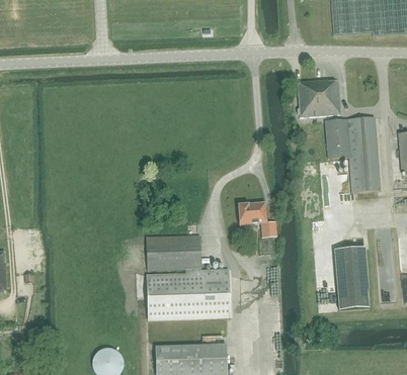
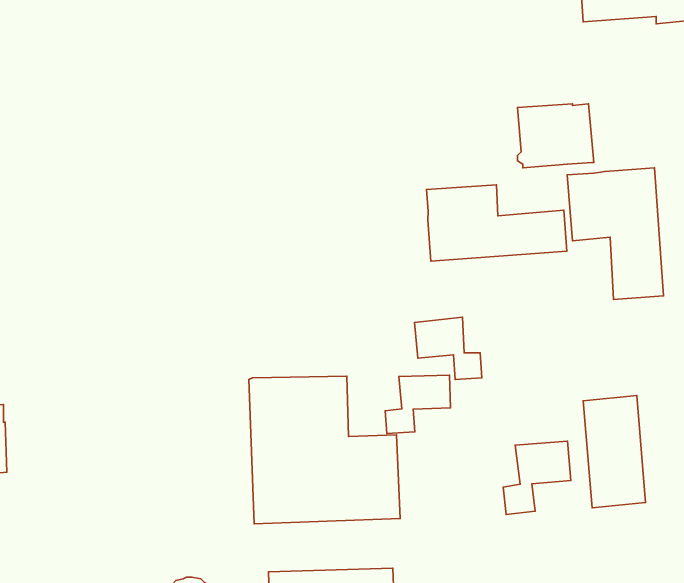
building: none -> [427,185,567,261]
building: none -> [385,375,451,434]
building: none -> [503,441,571,515]

